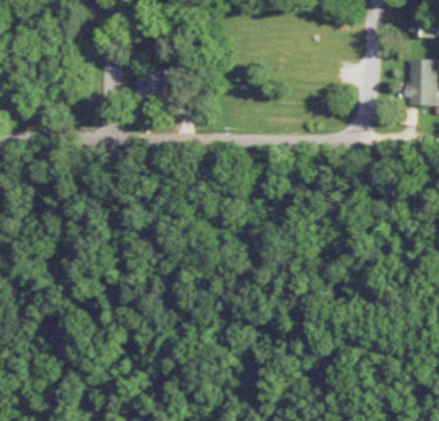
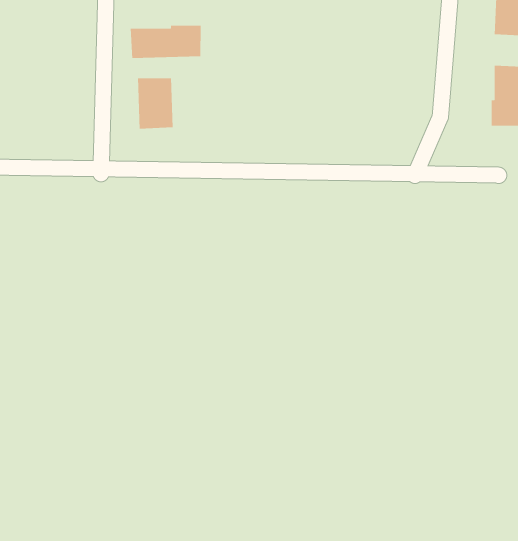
building: none -> [130,25,201,59]

